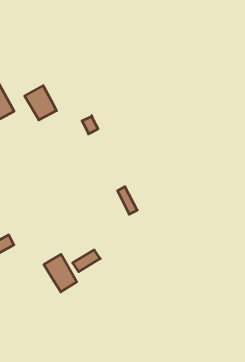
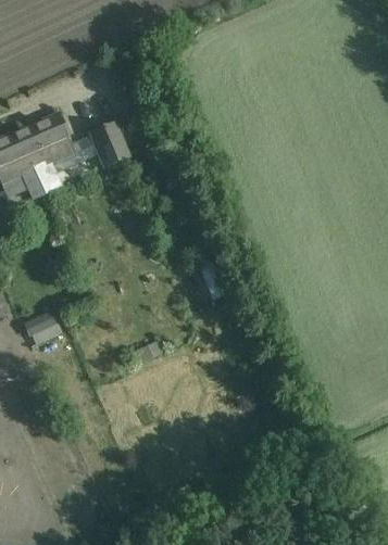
building: [44,254,77,292] -> none

